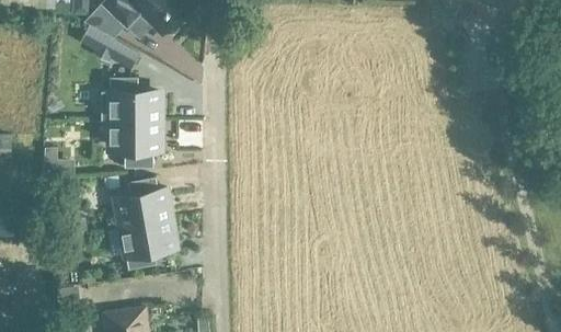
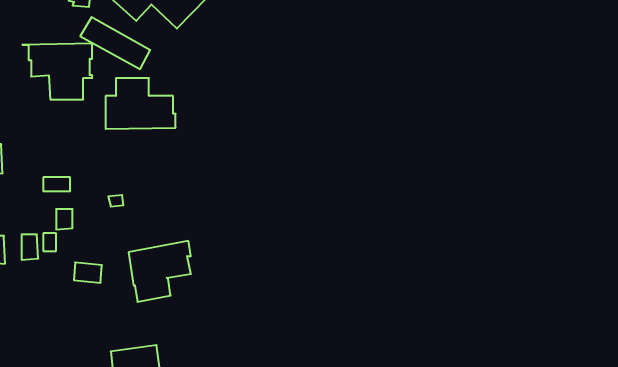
building: [102,119,162,168] -> [22,44,92,99]
building: [118,176,173,227] -> none

